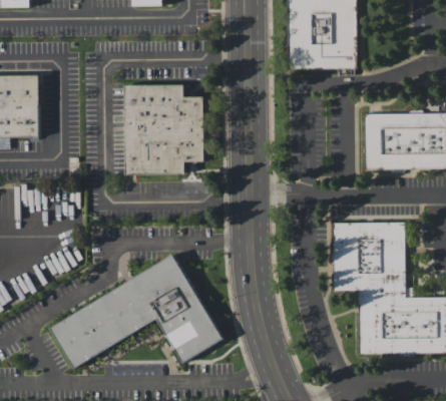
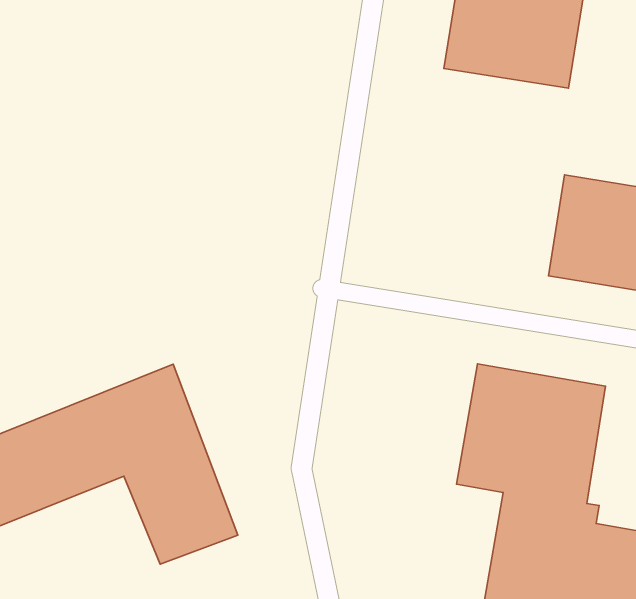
building: [125,84,202,174] -> none

